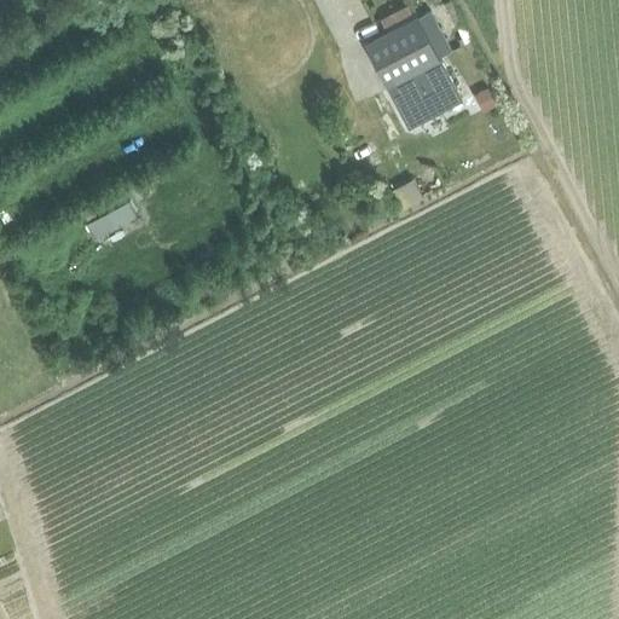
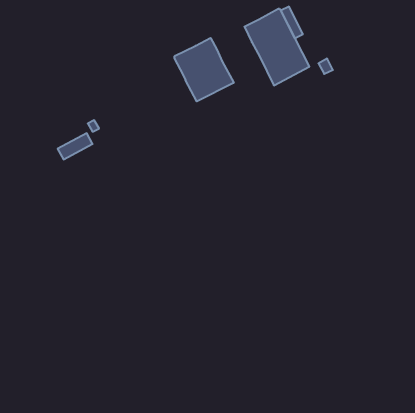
building: none -> [174,38,234,101]

